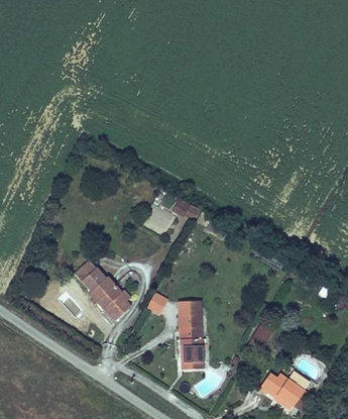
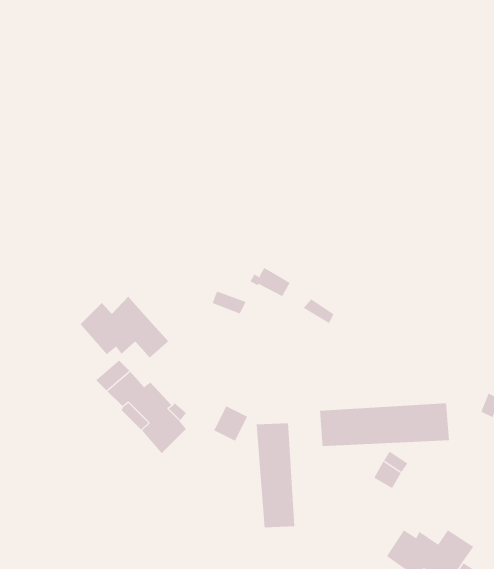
building: none -> [80,296,169,359]
building: none -> [319,402,449,447]

